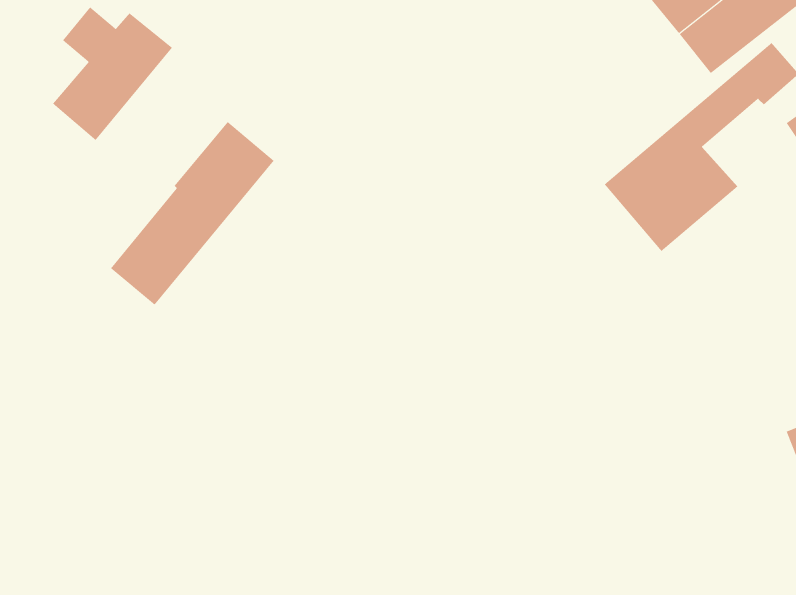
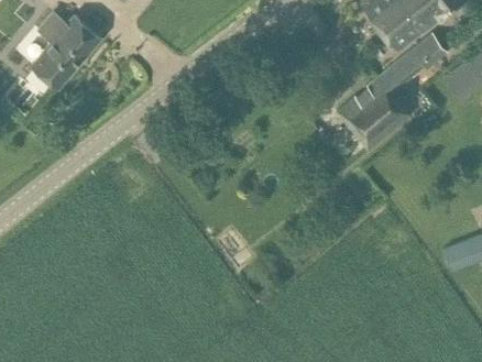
building: [110,121,275,305] -> none

